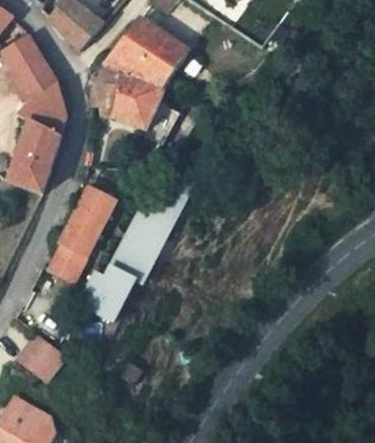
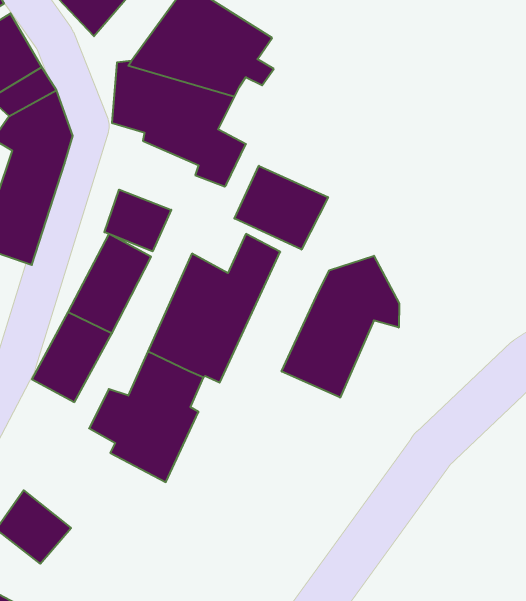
building: none -> [234,166,328,250]
building: none -> [104,190,171,251]
building: none -> [282,256,399,398]

